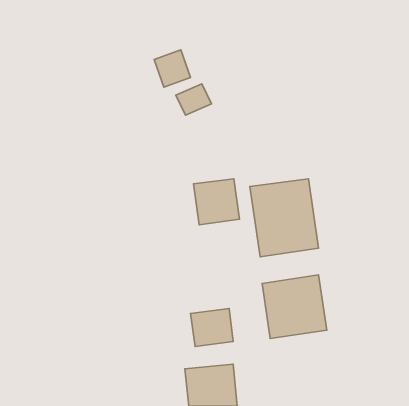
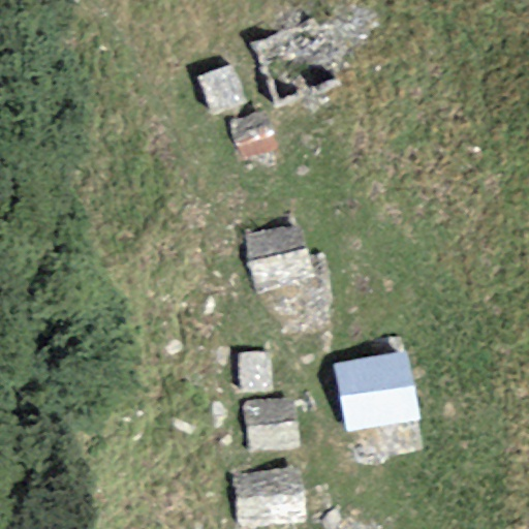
building: [250,179,318,257] -> none

